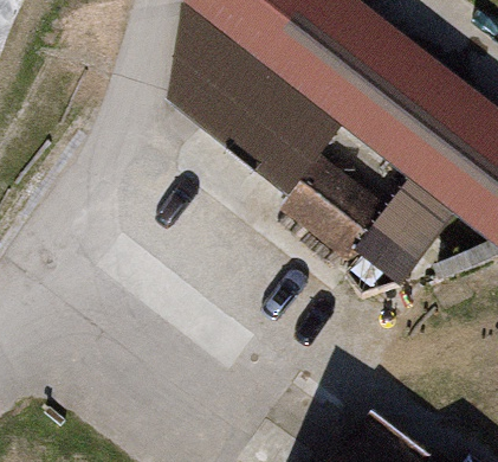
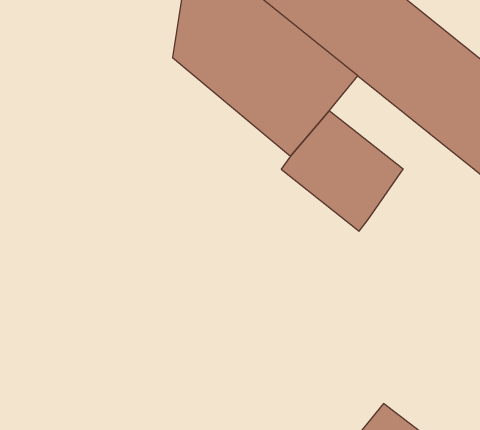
building: [362,167,459,276] -> none

